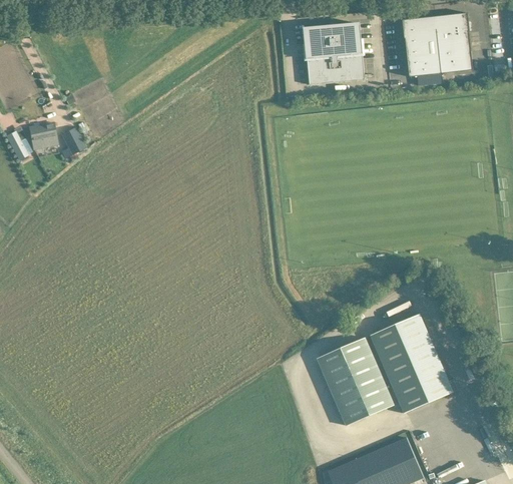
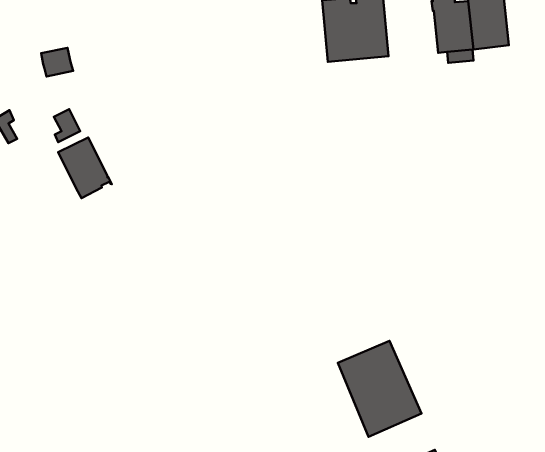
building: [27,122,56,148] -> [41,48,73,76]
building: none -> [58,138,112,198]
building: [370,314,452,413] -> none

